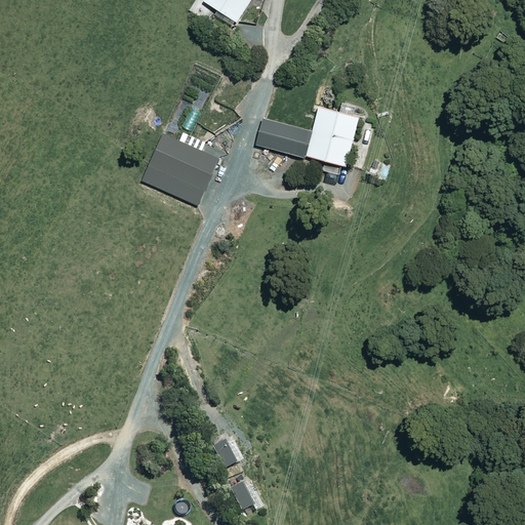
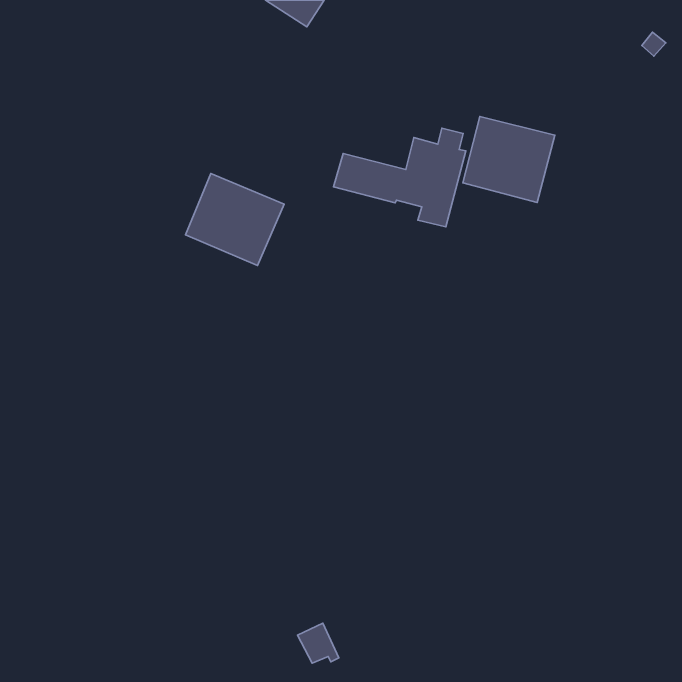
building: none -> [463,116,555,203]
building: [212,437,240,468] -> none

